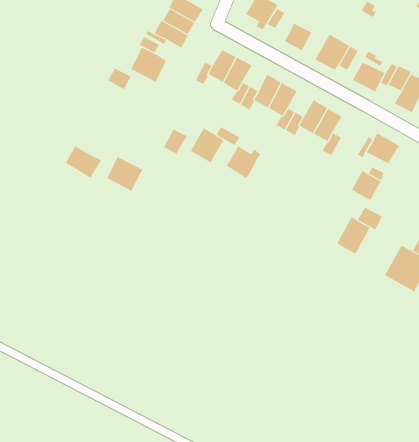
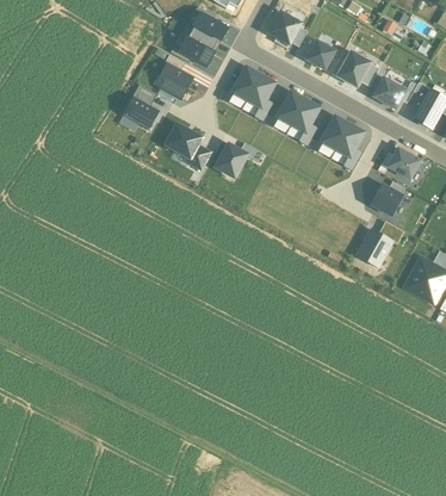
building: [226,145,261,179] -> none
building: [65,146,102,179] -> [124,97,160,129]
building: [106,156,143,192] -> [166,124,202,159]

